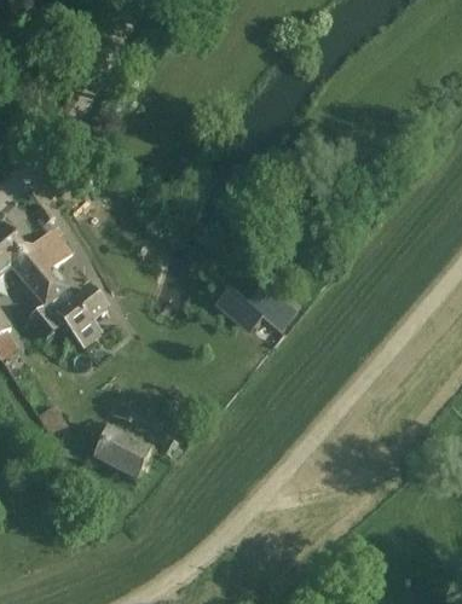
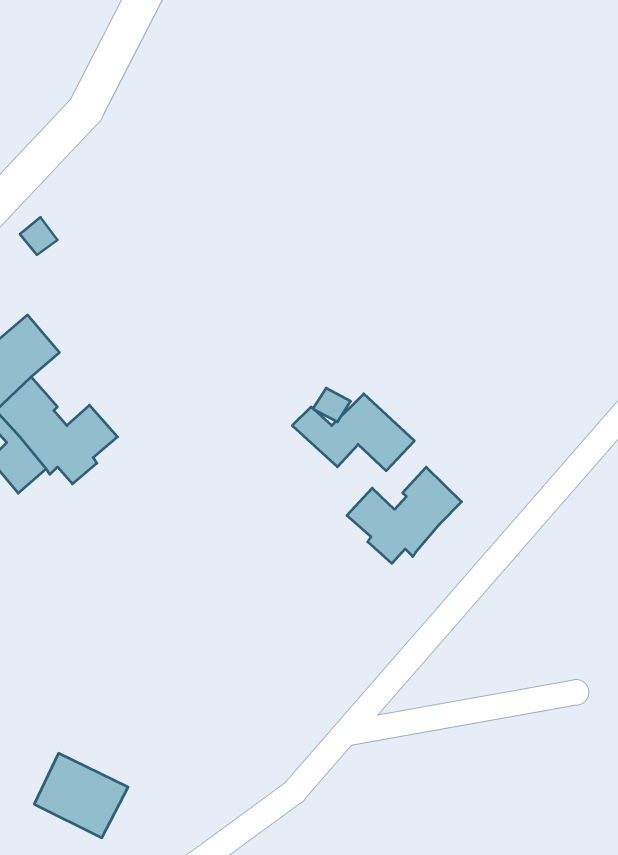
building: none -> [347,467,462,563]
building: [93,428,154,482] -> [34,753,128,838]

